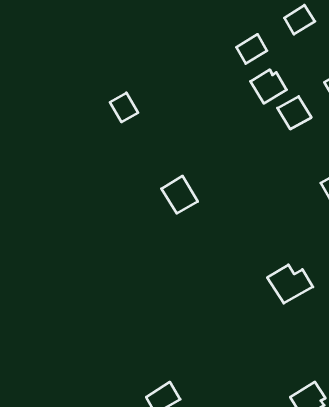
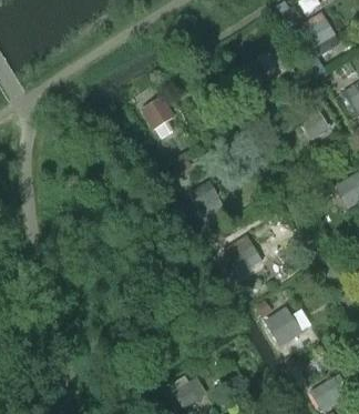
building: [250,70,287,103] -> none
building: none -> [224,235,263,275]
building: [267,265,313,303] -> [265,309,308,345]

